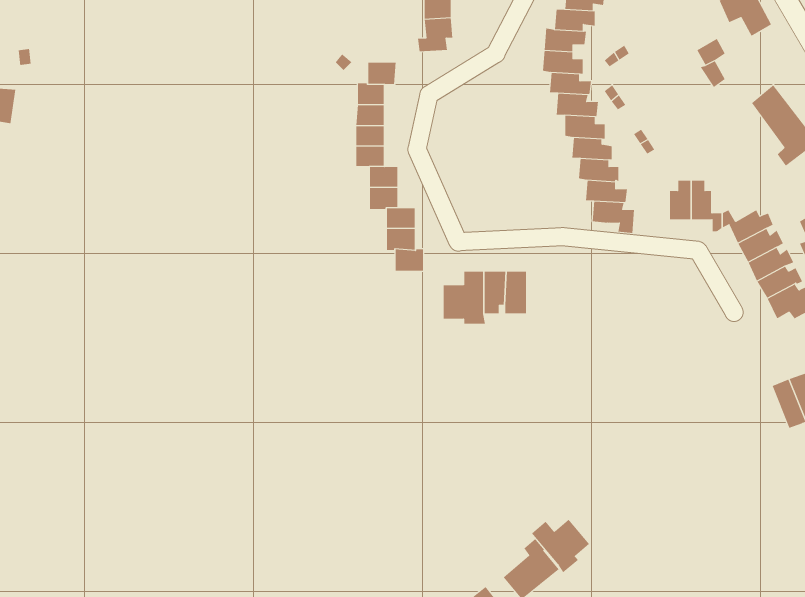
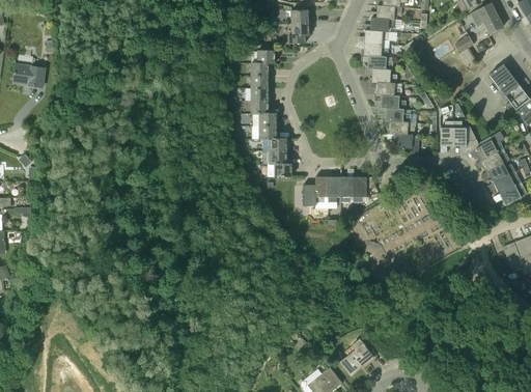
building: none -> [354,176,376,202]
building: [531,519,590,573] -> none

